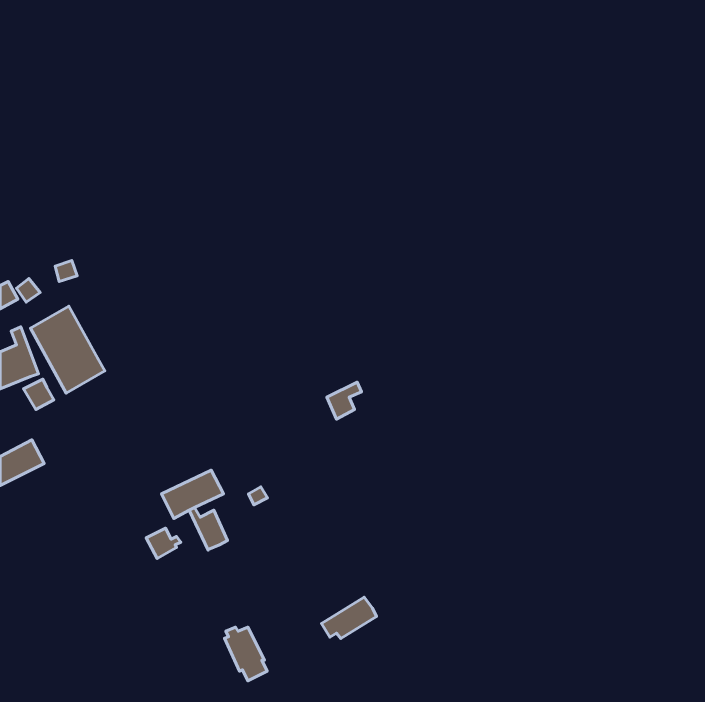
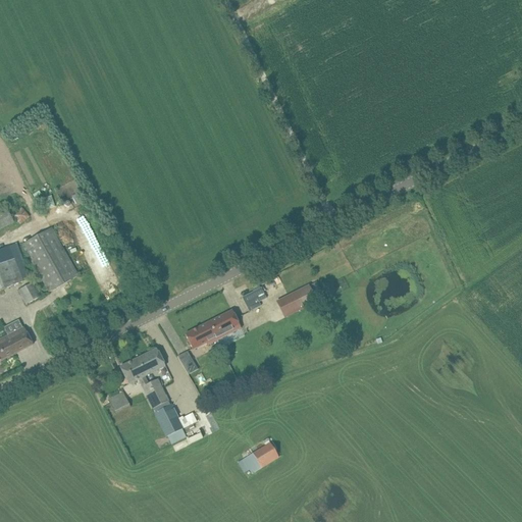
building: none -> [276,283,316,316]
building: none -> [186,310,240,348]
building: [224,627,267,681] -> [154,403,186,442]

